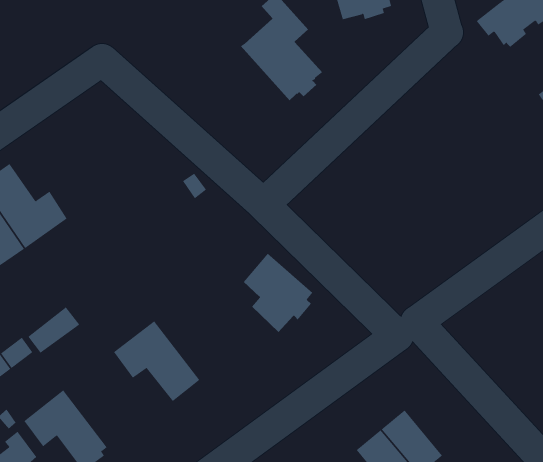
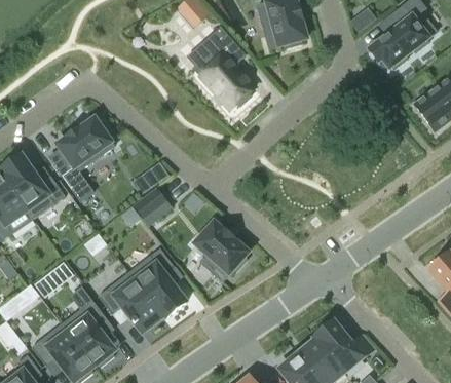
building: none -> [55,116,114,199]
building: none -> [135,188,172,224]
building: none -> [129,247,186,316]
building: none -> [62,300,115,366]
building: none -> [314,320,373,372]

